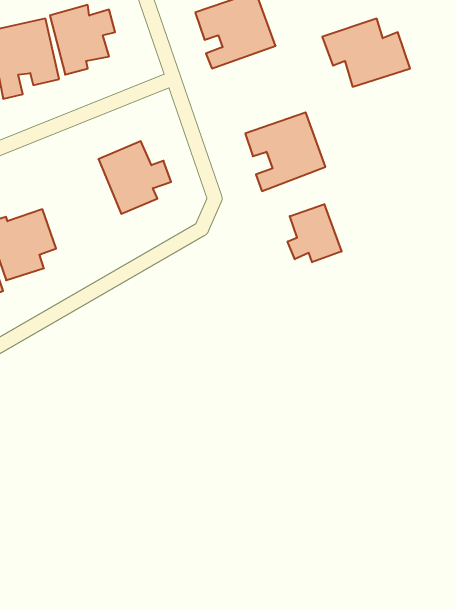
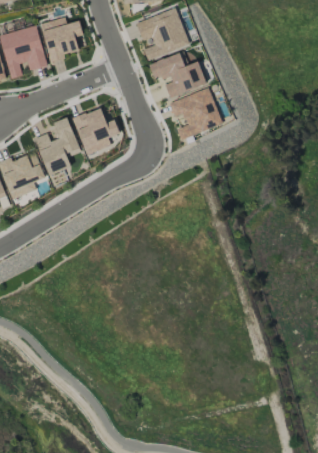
building: [322,19,410,87] -> [148,52,206,97]
building: none -> [34,119,81,175]
building: [288,204,342,262] -> none

